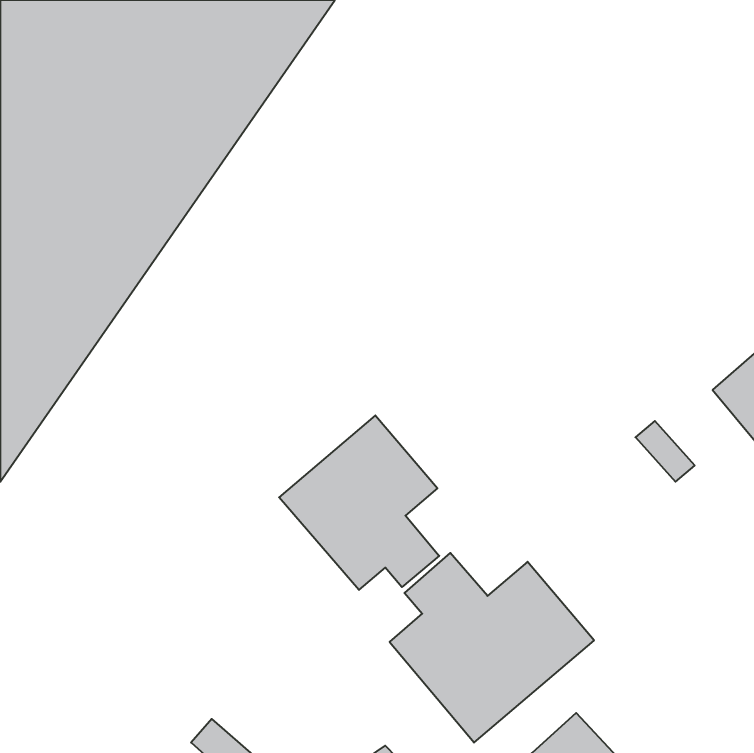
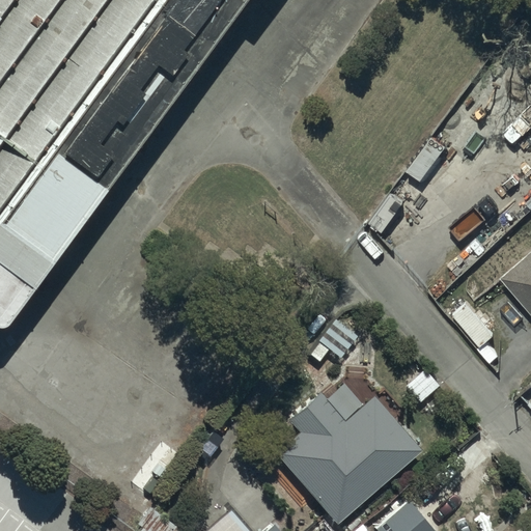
building: [279,415,439,590] -> none

